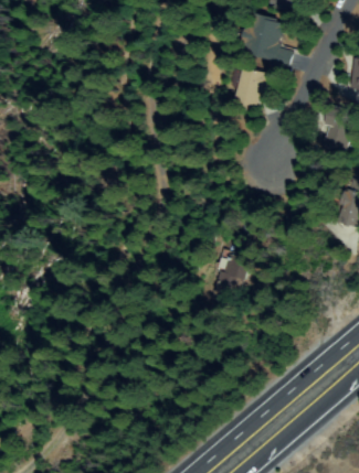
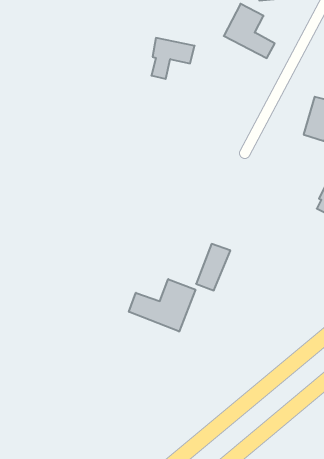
building: [235,67,278,108] -> [151,38,195,79]
building: none -> [129,279,195,332]

